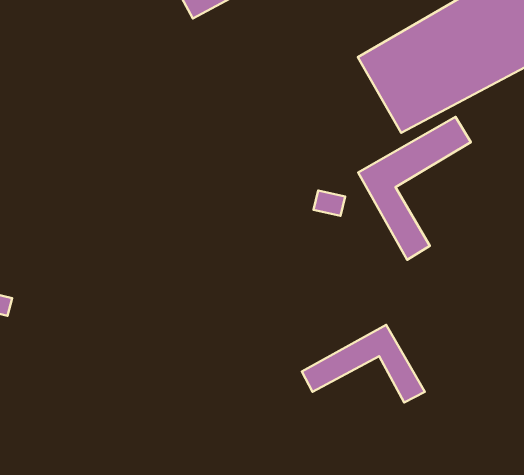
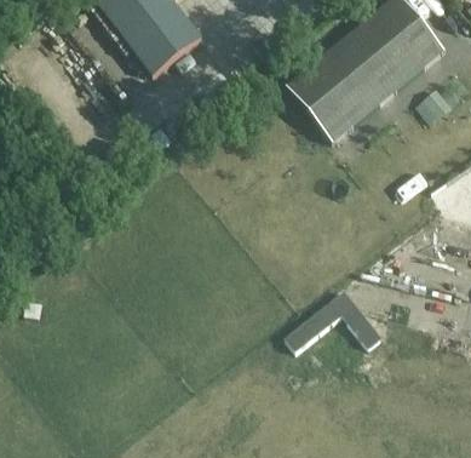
building: [358,117,471,260] -> none

